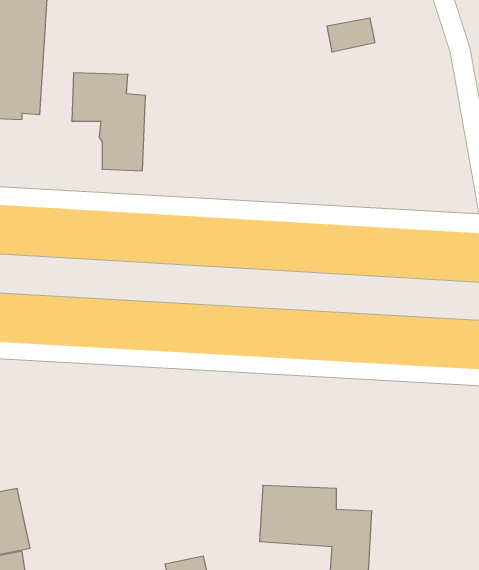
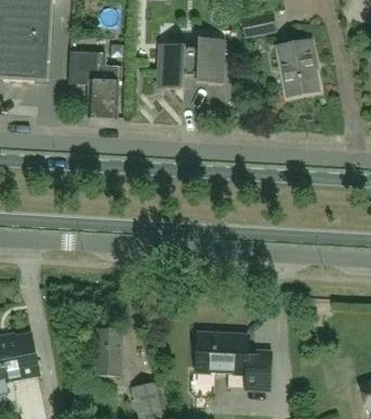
building: none -> [156,36,224,88]
building: none -> [277,39,318,95]
building: none -> [95,328,123,376]

